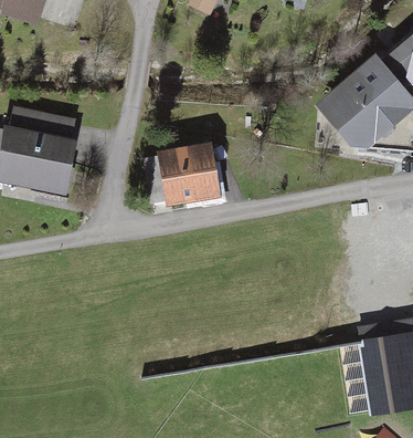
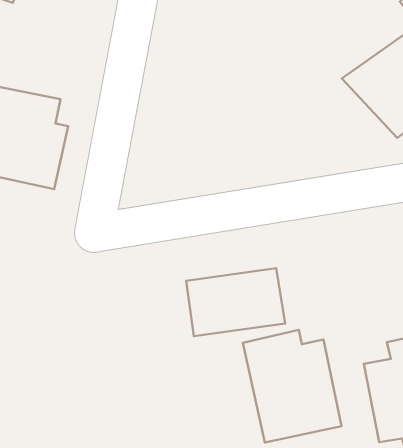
building: [142,146,227,205] -> [186,268,285,336]
building: none -> [243,330,341,443]

